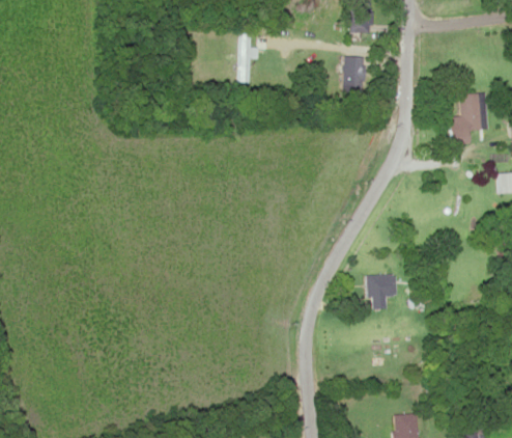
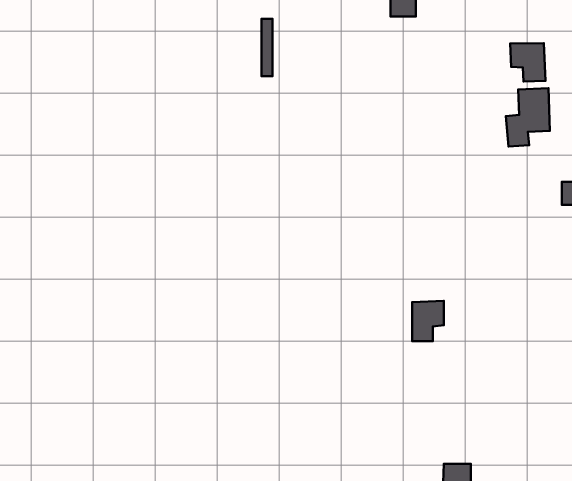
building: none -> [510,43,545,82]
building: [343,56,363,92] -> none

